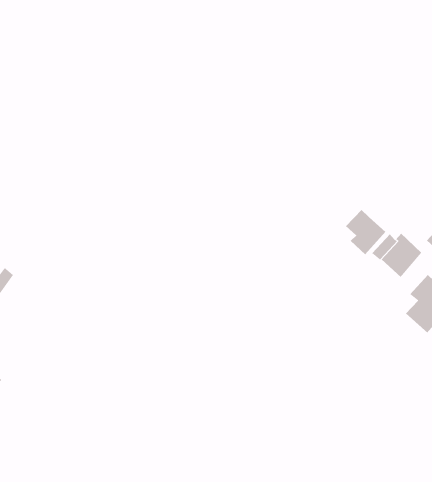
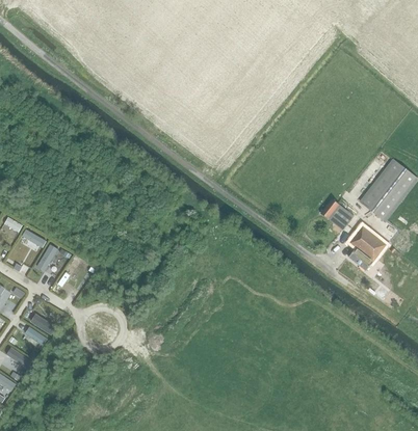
building: [345,209,386,255] -> none

